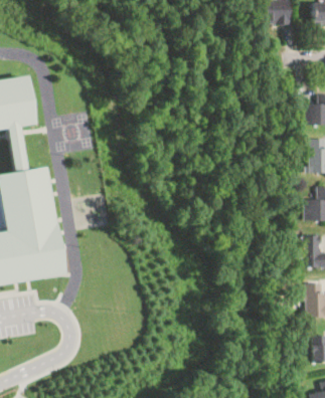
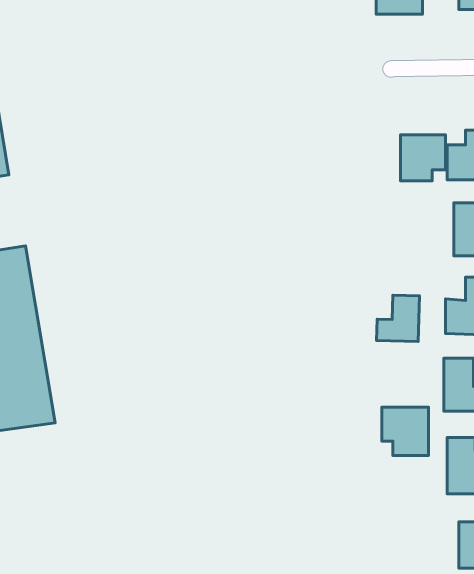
building: none -> [401,135,445,181]
building: none -> [377,295,420,342]
building: none -> [382,407,428,455]

